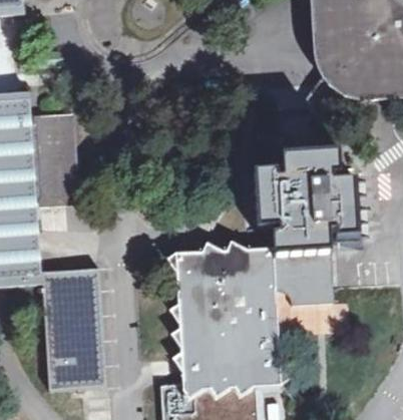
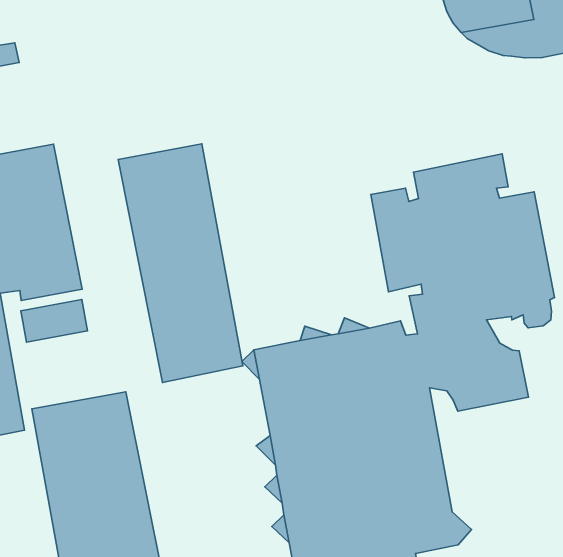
building: none -> [118,144,243,382]

